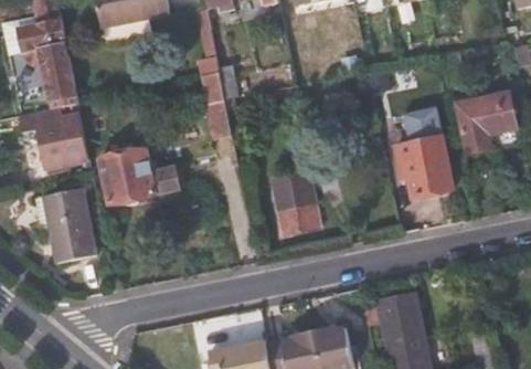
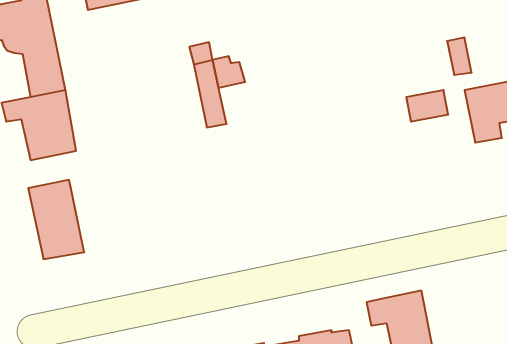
building: [394,136,453,197] -> none
building: [98,149,179,203] -> none
building: [274,187,320,233] -> none

